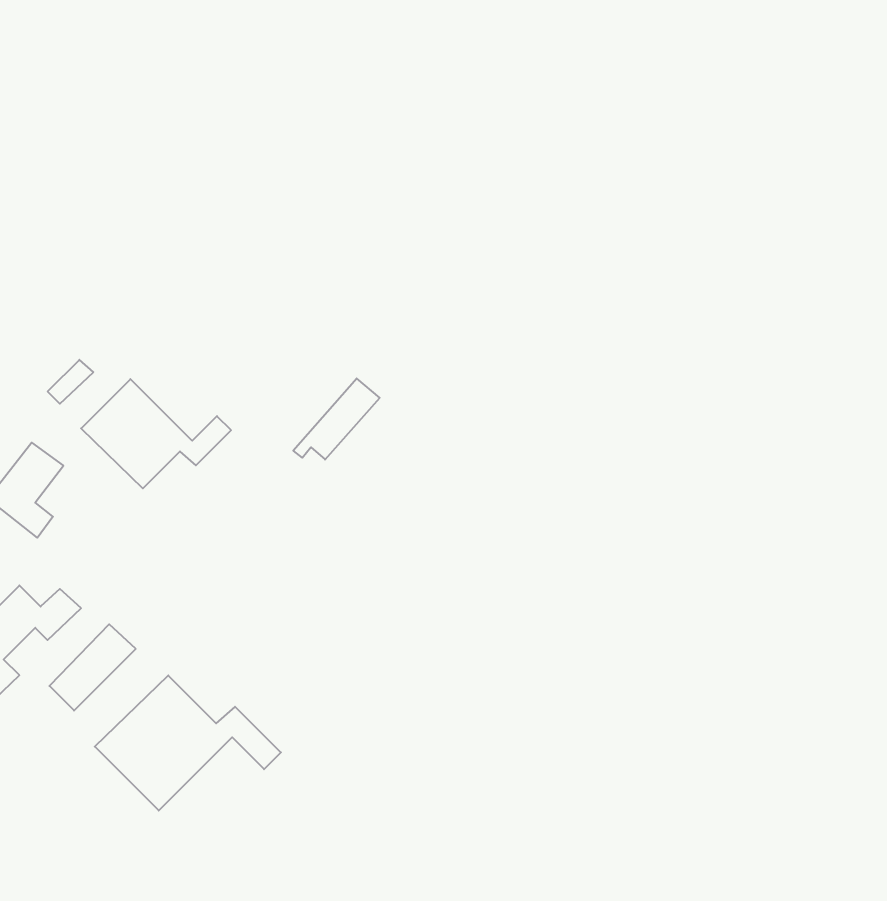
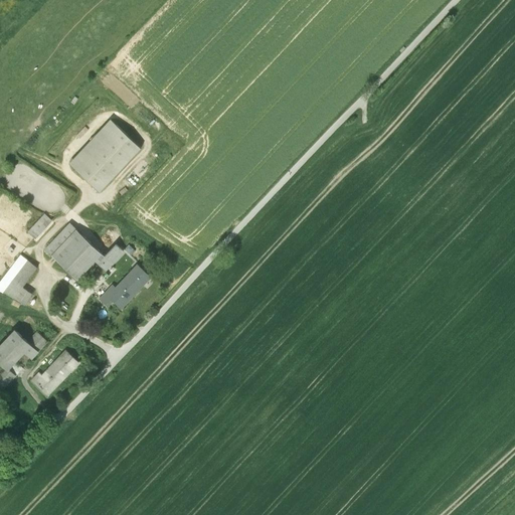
building: none -> [61,118,134,191]
building: [293,378,380,460] -> [109,261,158,307]
building: [95,675,281,811] -> none

